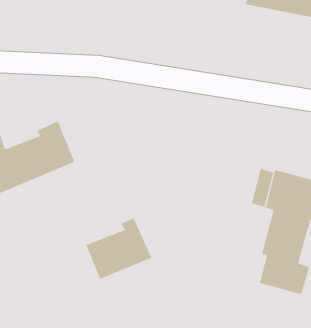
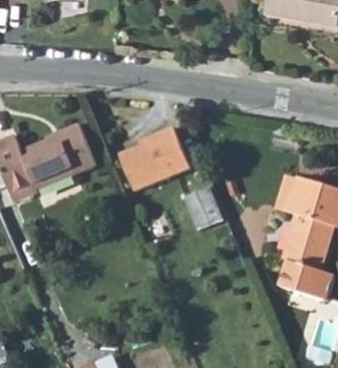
building: none -> [188,186,223,226]
building: [85,218,152,280] -> [122,129,190,192]

